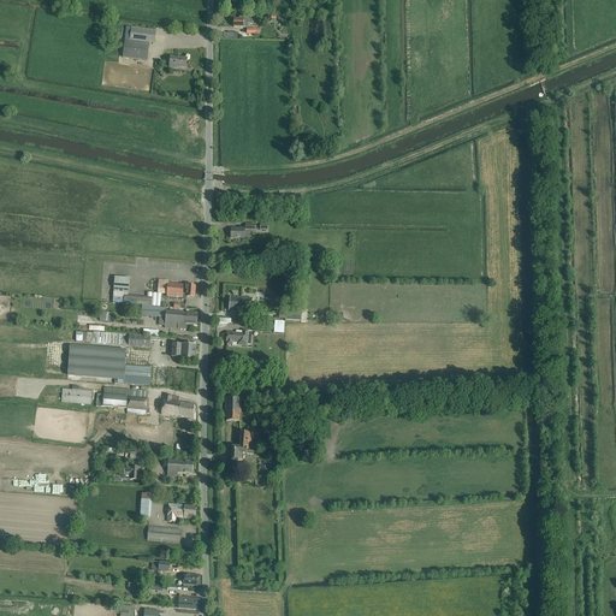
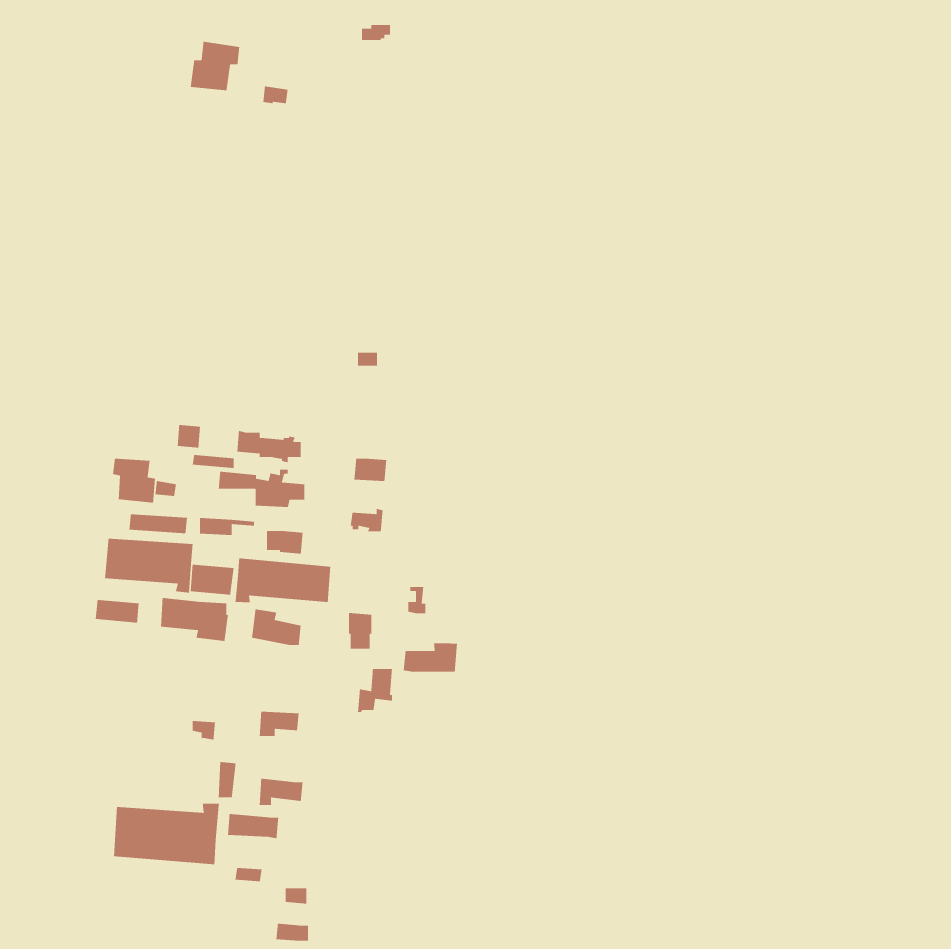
building: none -> [112,458,156,503]
building: none -> [235,557,331,603]
building: none -> [403,642,458,672]
building: none -> [113,803,220,865]

